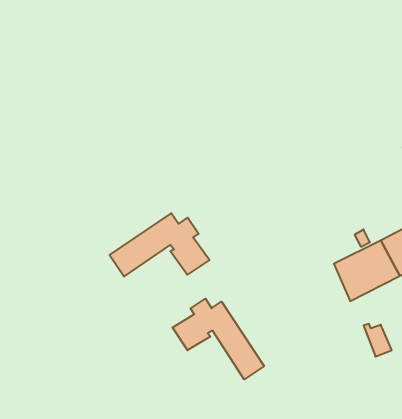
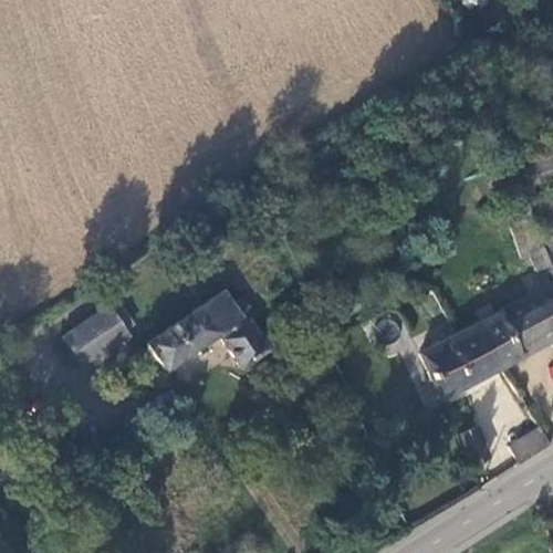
building: none -> [67,305,133,364]
building: [172,299,264,379] -> none

